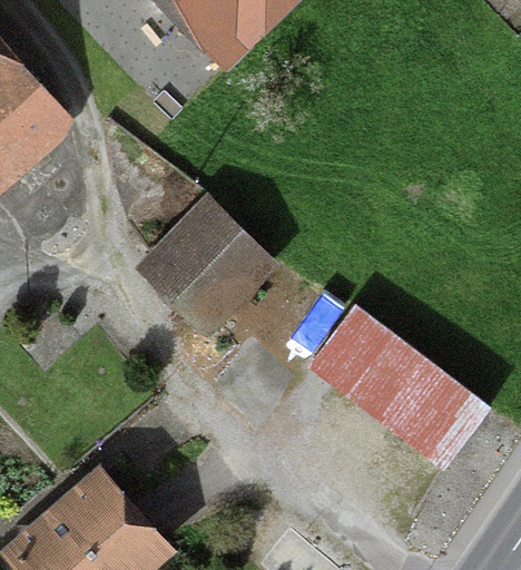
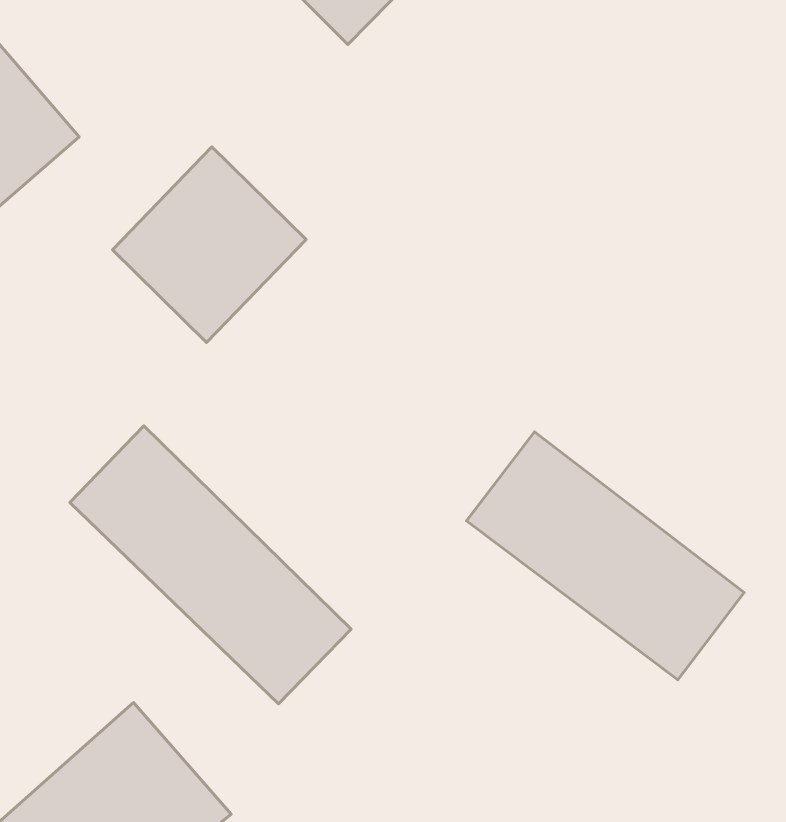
building: [145,202,268,326] -> [112,147,306,342]
building: none -> [70,426,351,704]

